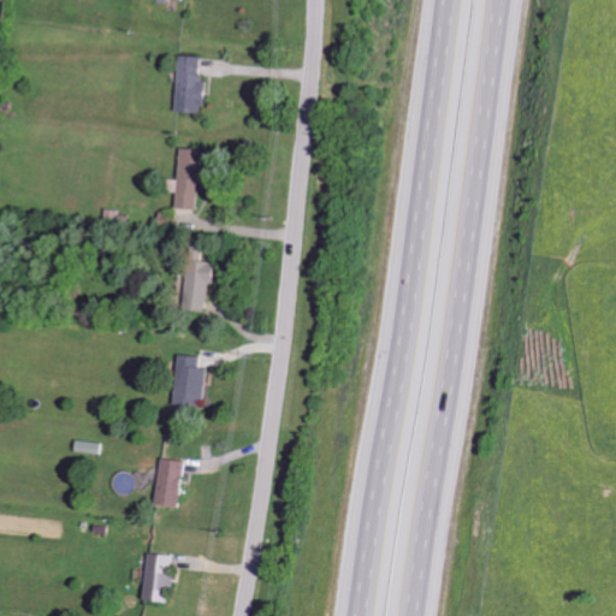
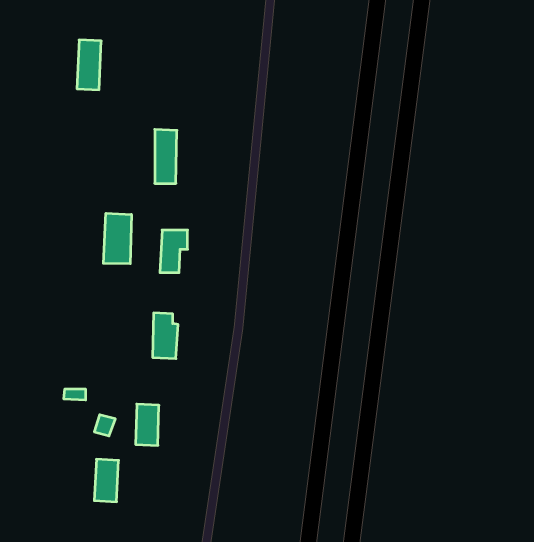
building: [174,57,202,113] -> [77,40,101,90]
building: none -> [103,213,131,264]
building: [143,553,171,602] -> [94,459,119,502]

